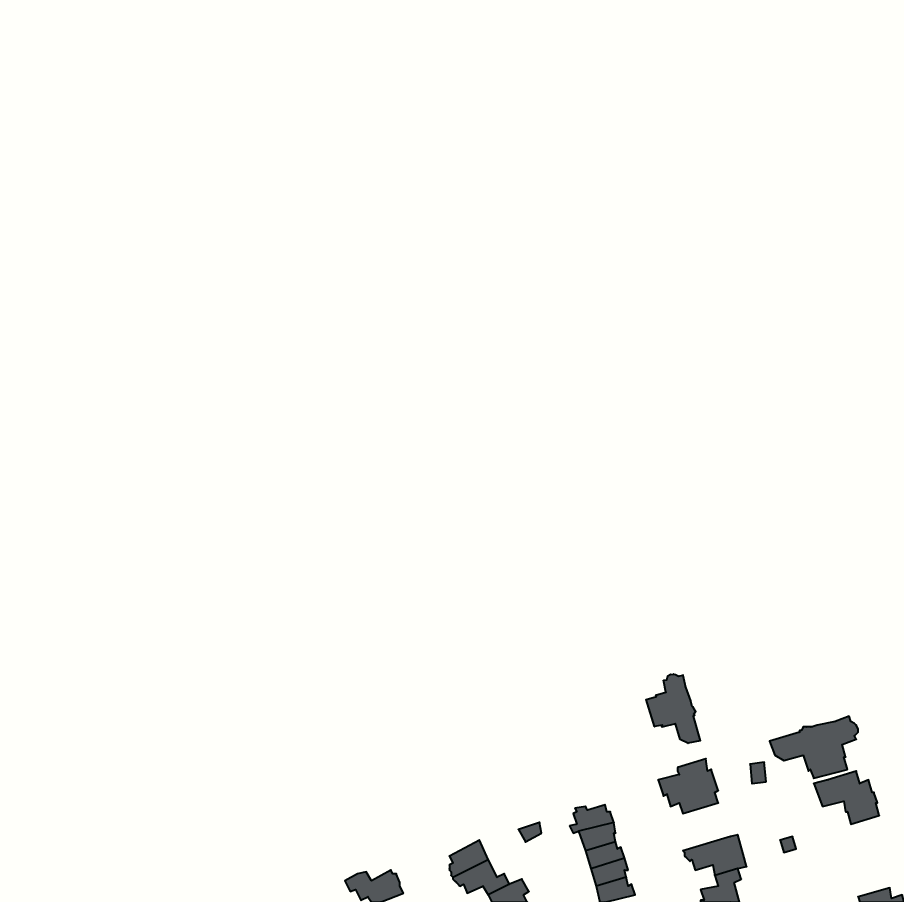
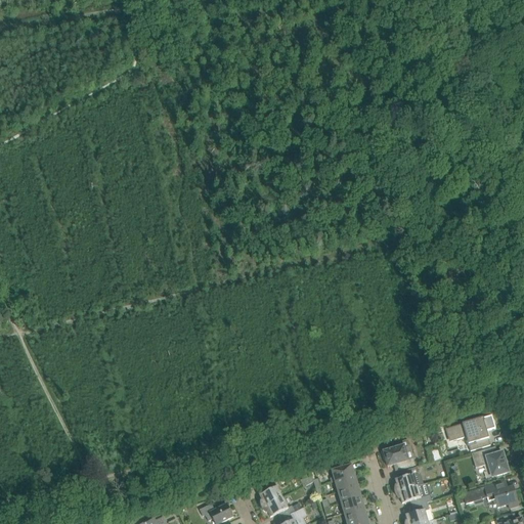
building: [646,674,700,743] -> none
building: none -> [395,467,423,492]
building: none -> [463,481,519,509]

